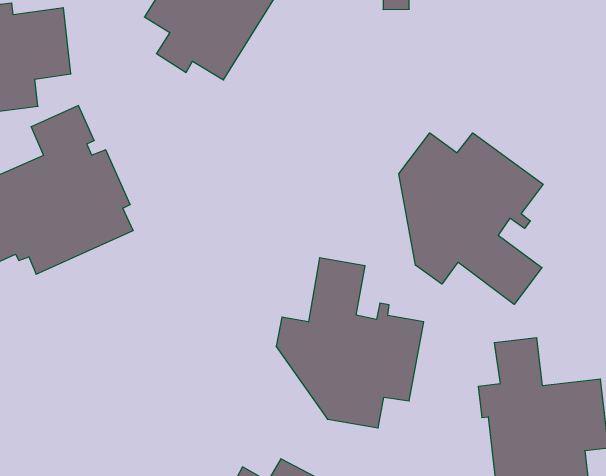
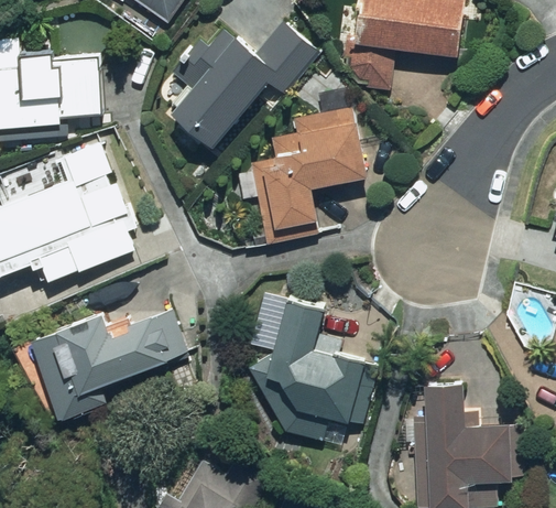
building: none -> [235,109,369,245]
building: [399,133,543,304] -> none
building: none -> [33,310,186,418]

